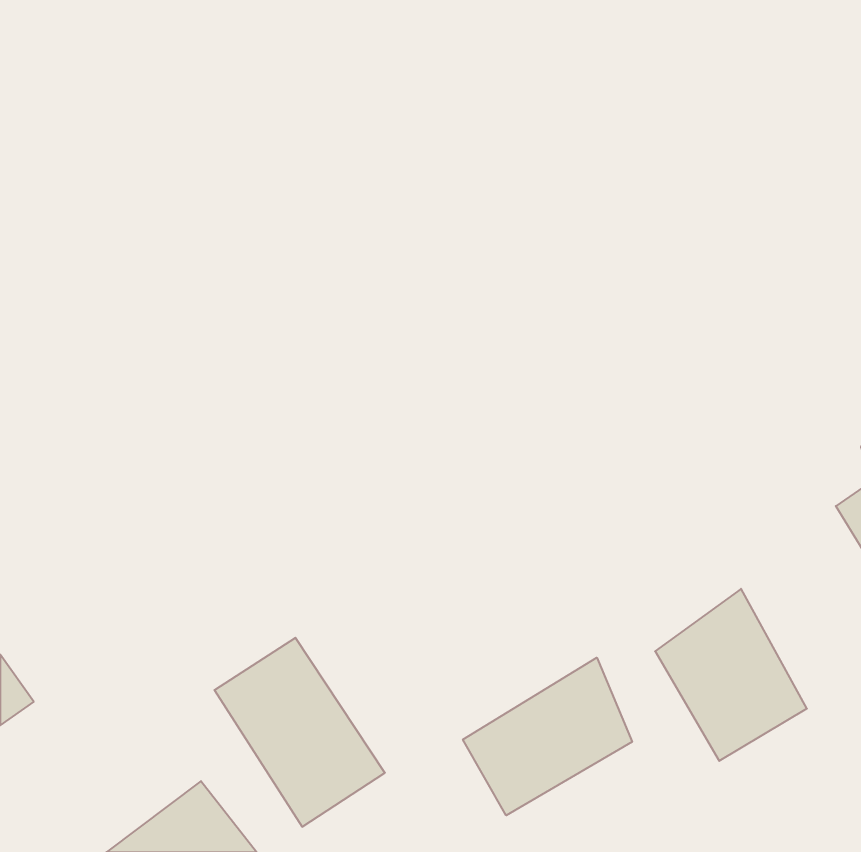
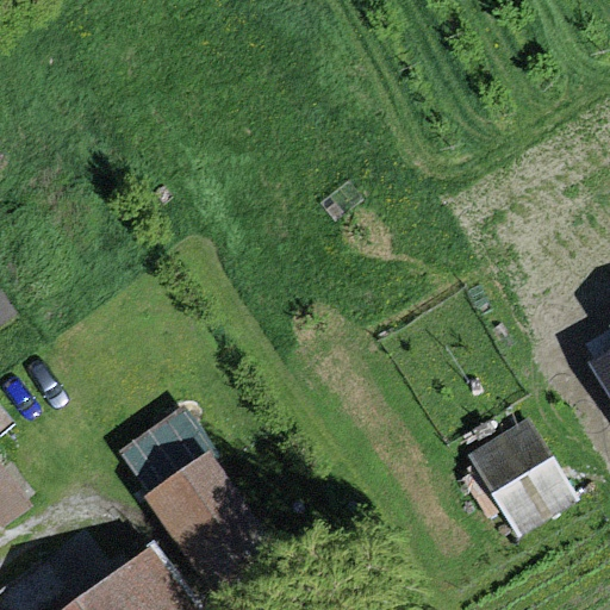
building: [463,658,632,815] -> none

